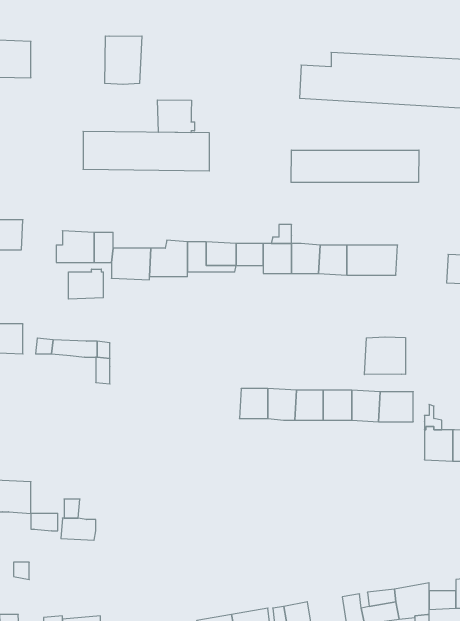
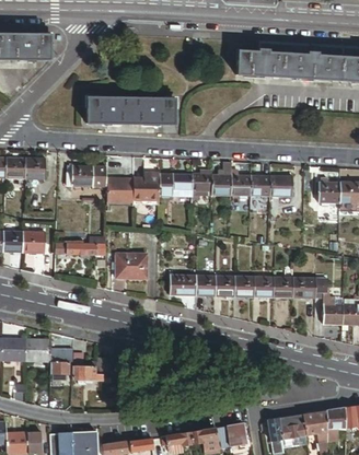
building: [105,36,142,84] -> none
building: [157,100,195,133] -> none
building: [291,150,419,182] -> none
building: none -> [319,177,339,206]
building: [69,269,103,299] -> none
building: [364,337,405,375] -> none
building: none -> [116,253,147,278]
building: none -> [169,273,196,295]

